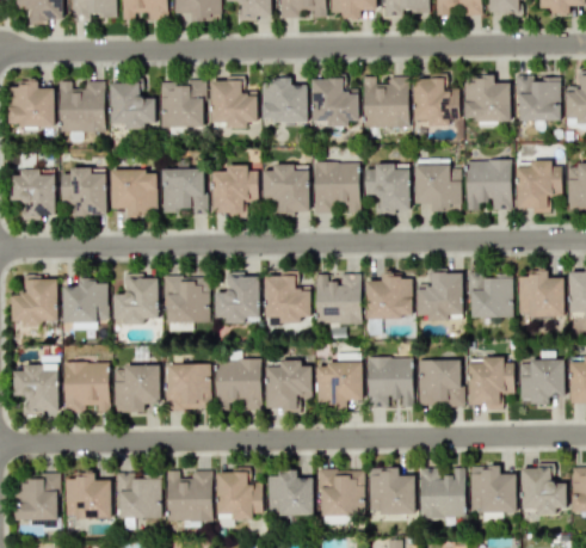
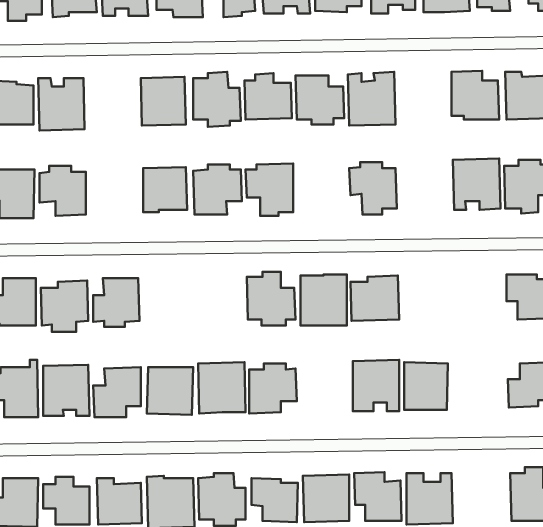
building: [414,76,458,124] -> none
building: [110,82,155,130] -> none
building: [314,161,360,214] -> none
building: [415,165,461,211] -> none
building: [111,171,158,214] -> none
building: [417,271,463,321] -> none
building: [215,272,260,324] -> none
building: [469,272,512,318] -> none
building: [165,277,209,324] -> none
building: [468,357,514,410] -> none
building: [316,363,363,408] -> none
building: [470,466,517,512] -> none

